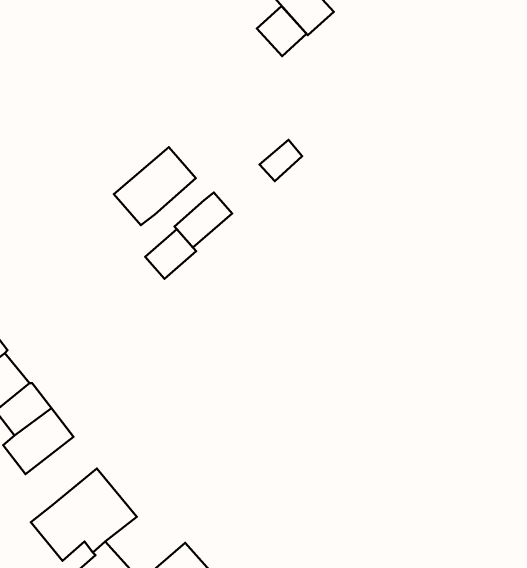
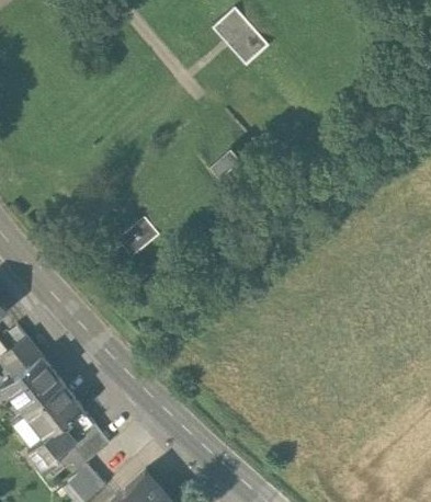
building: [257,6,307,56] -> none
building: [114,147,196,225] -> none
building: [175,193,232,247] -> none
building: none -> [22,383,79,437]

